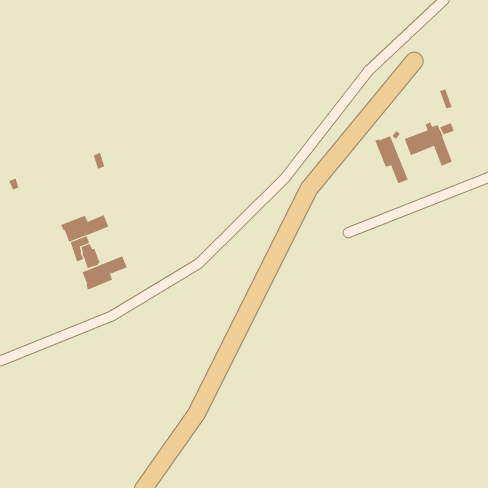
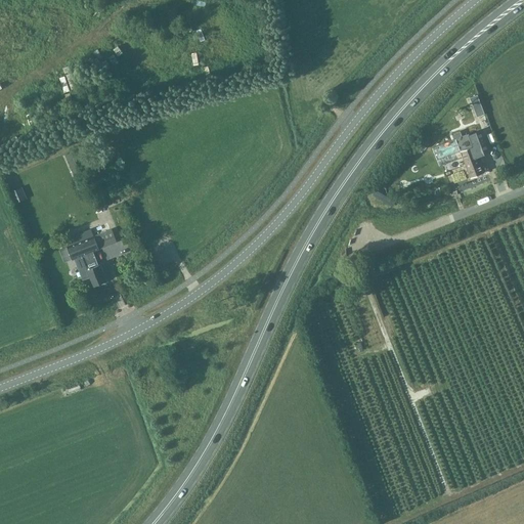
building: [374,135,408,184] -> none
building: [81,256,127,290] -> none

